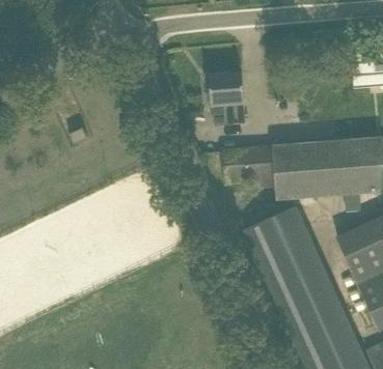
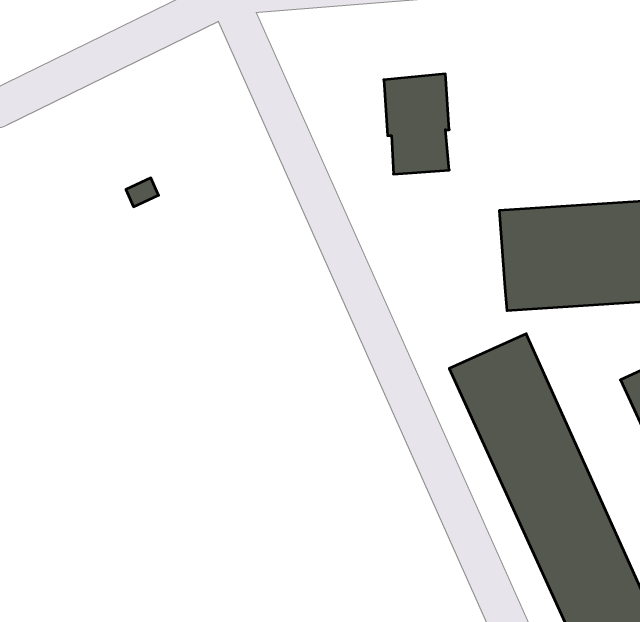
building: [224,145,276,188] -> none

